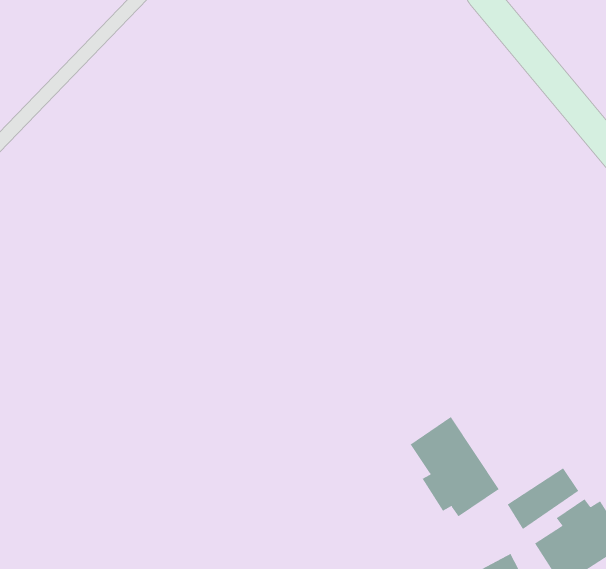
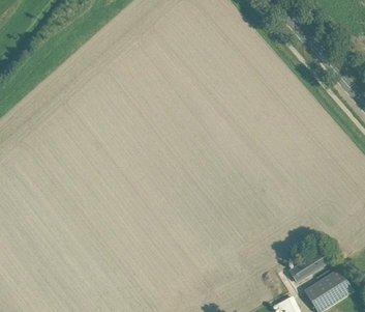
building: [410,416,500,517] -> none

